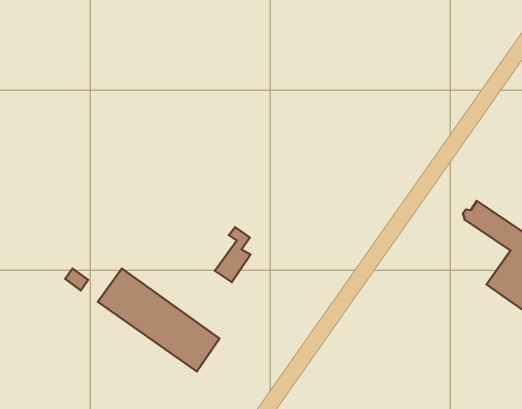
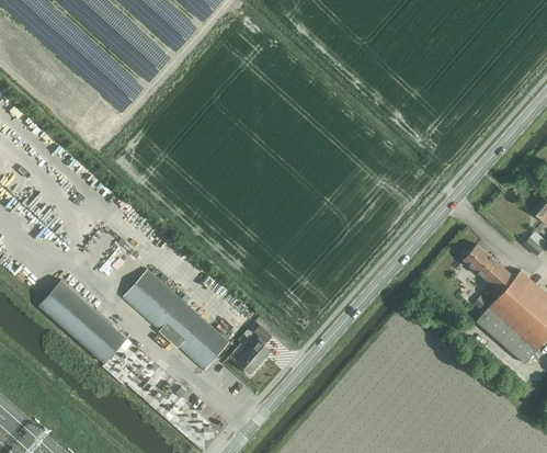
building: [215,227,250,282] -> [237,326,272,375]
building: none -> [38,280,128,364]

